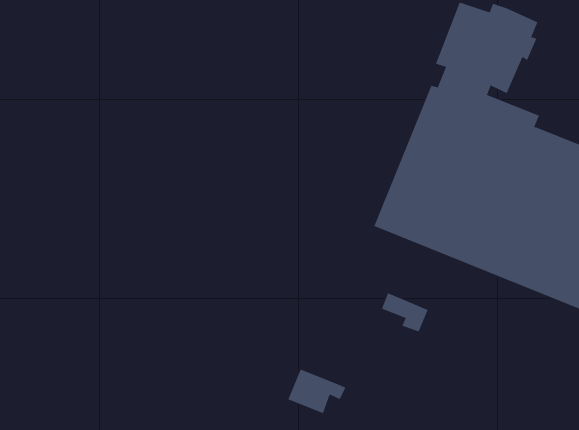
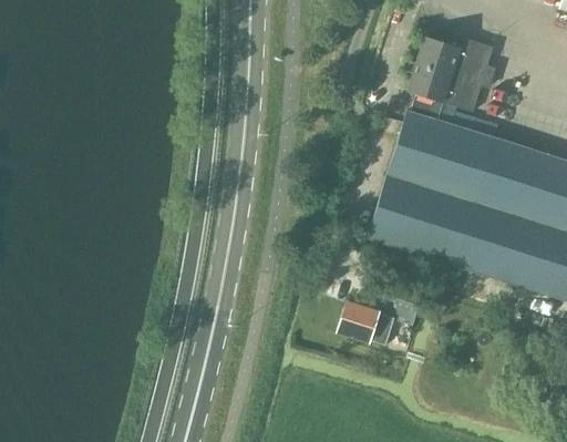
building: [288,369,346,414] -> [338,302,388,340]

